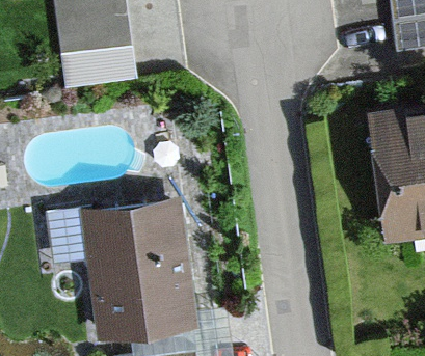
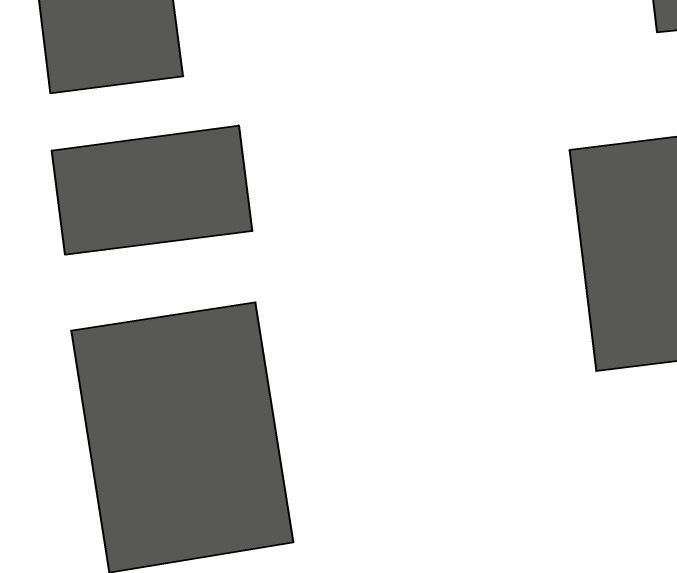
building: none -> [52,125,252,255]

